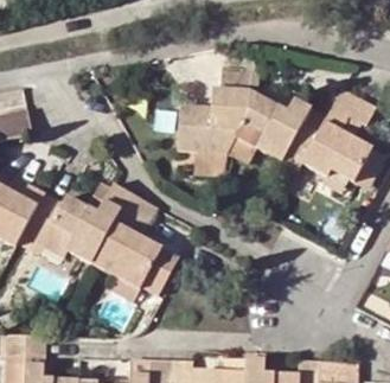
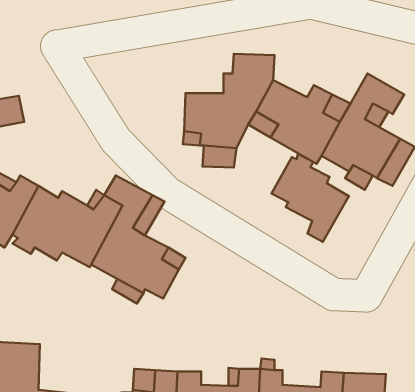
building: none -> [271,154,349,242]

